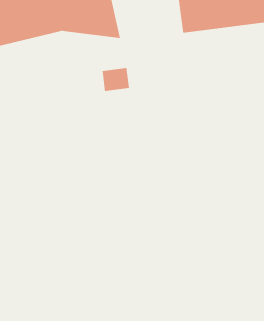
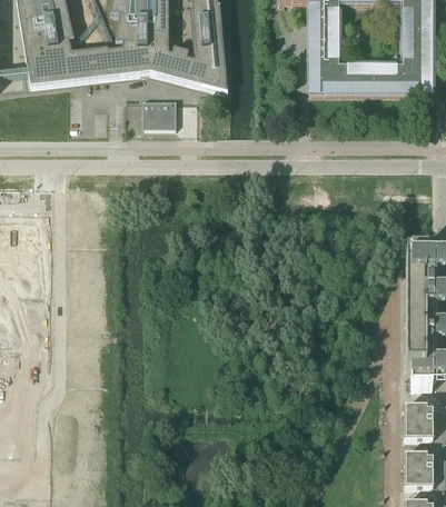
building: [102,68,130,92] -> [142,99,177,127]

